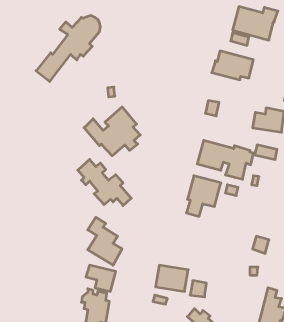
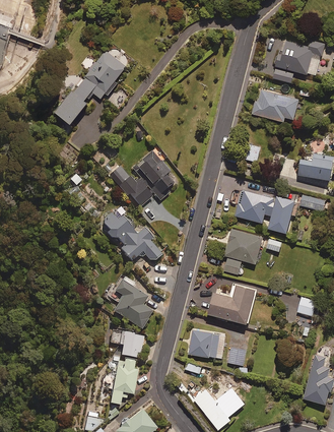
building: none -> [207,285,256,323]

